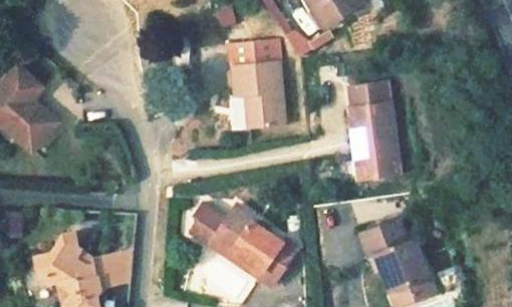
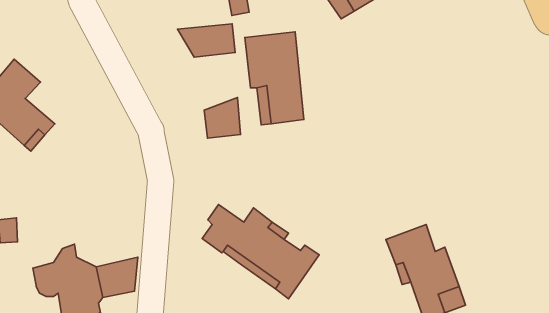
building: none -> [178,24,235,57]
building: [345,83,399,179] -> none
building: none -> [204,97,241,138]

